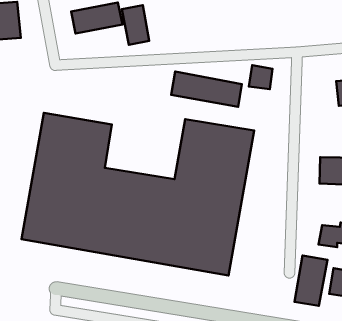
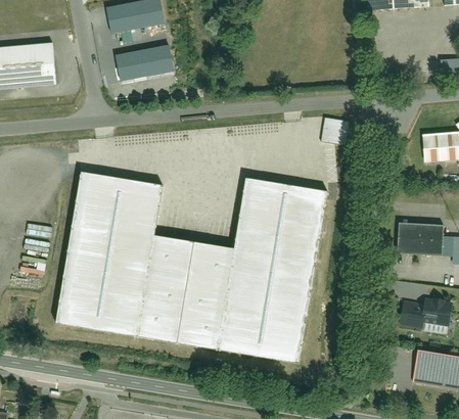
building: [122,5,149,45] -> none
building: [171,72,242,107] -> none
building: [295,256,328,306] -> none

